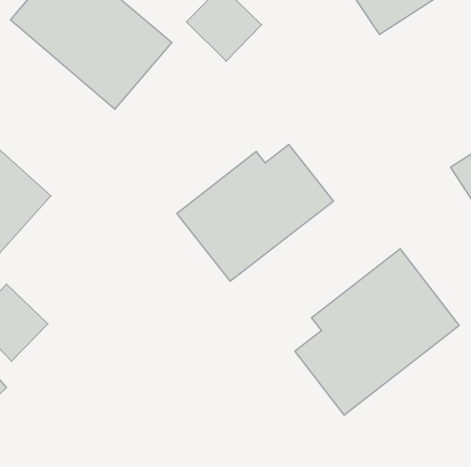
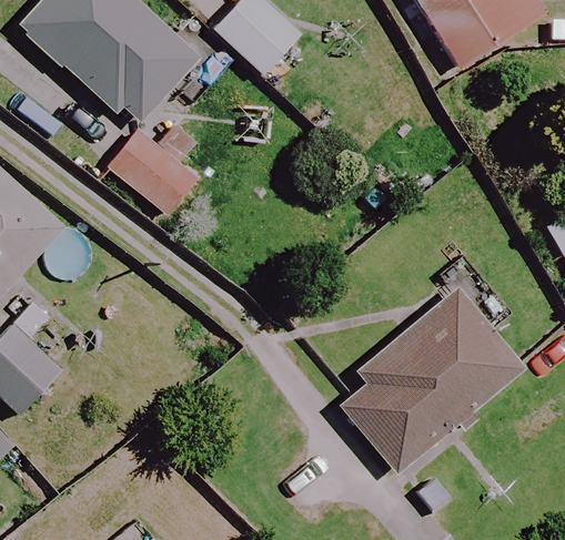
building: none -> [108,129,198,214]
building: [177,144,333,281] -> none

